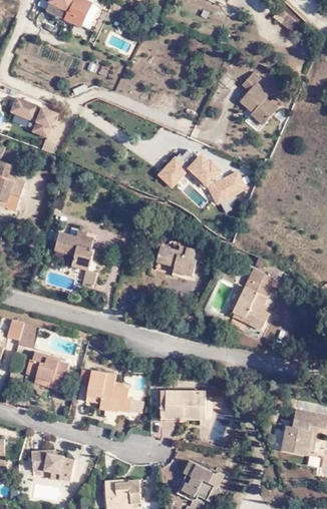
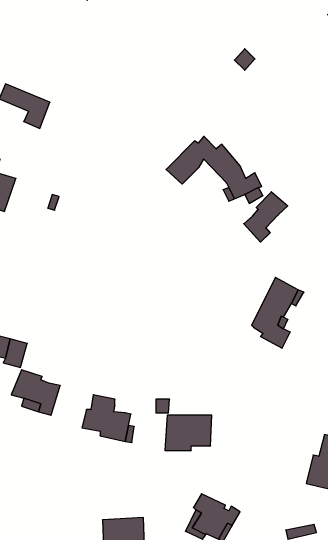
building: [240,70,279,124] -> none
building: none -> [244,192,288,242]
building: [57,232,96,288] -> none
building: [156,243,199,274] -> none
building: [30,450,72,479] -> none

